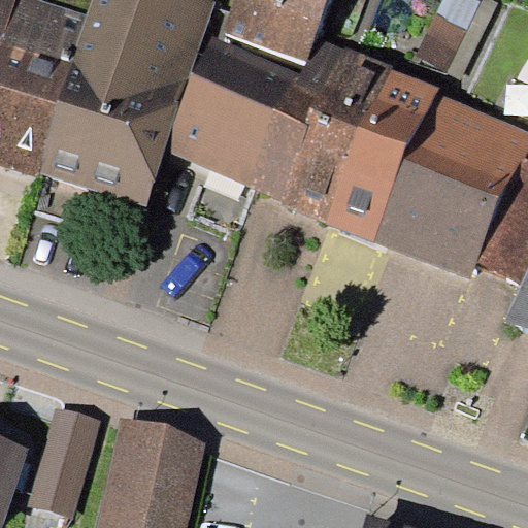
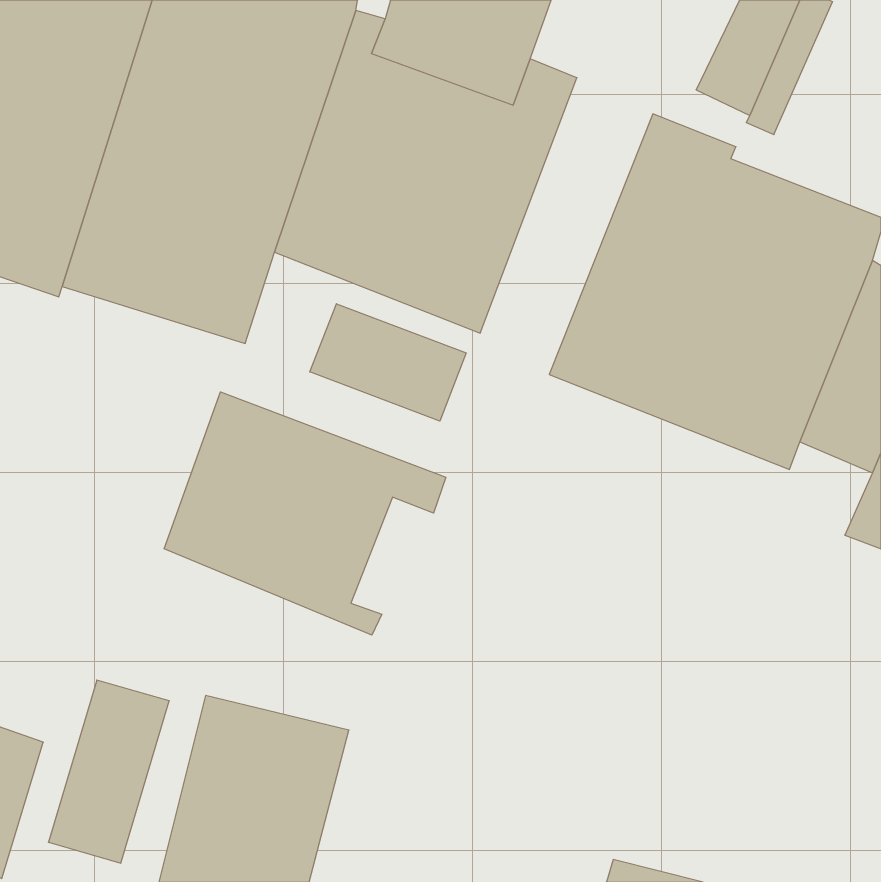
building: [284,46,390,224] -> none
building: none -> [310,304,466,421]
building: none -> [164,392,446,635]

